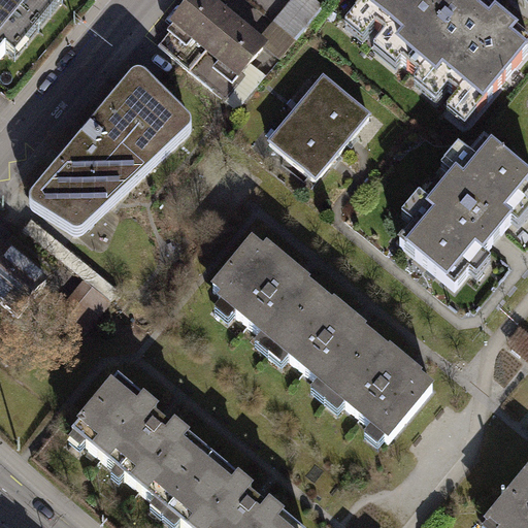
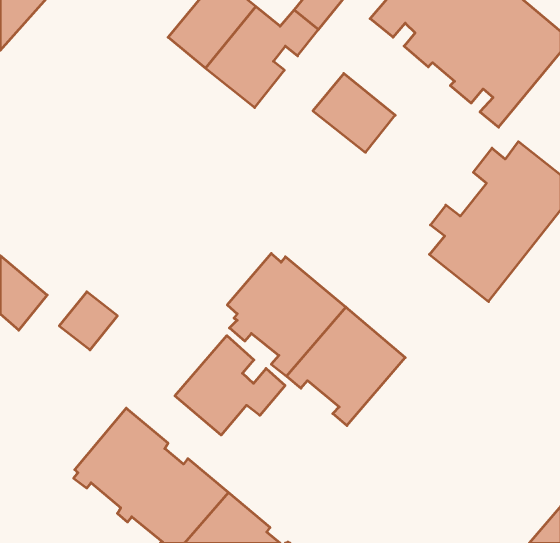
building: [32,62,194,224] -> none
building: [267,104,344,178] -> none
building: none -> [175,336,285,435]
building: [327,336,437,444] -> none

